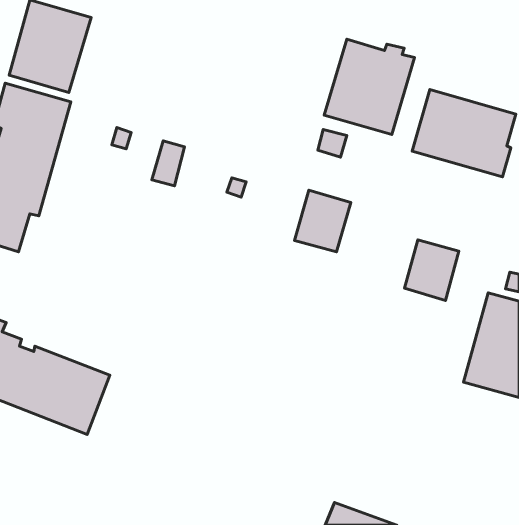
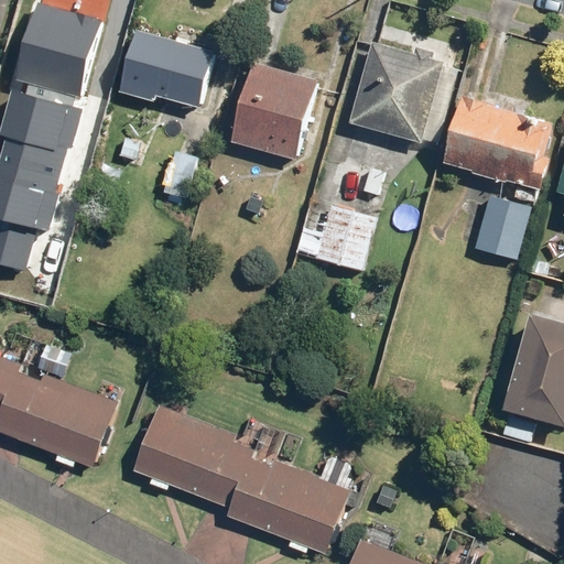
building: none -> [119,30,216,108]
building: none -> [230,63,317,160]
building: [405,240,459,300] -> [474,195,532,260]
building: none -> [135,403,351,553]

